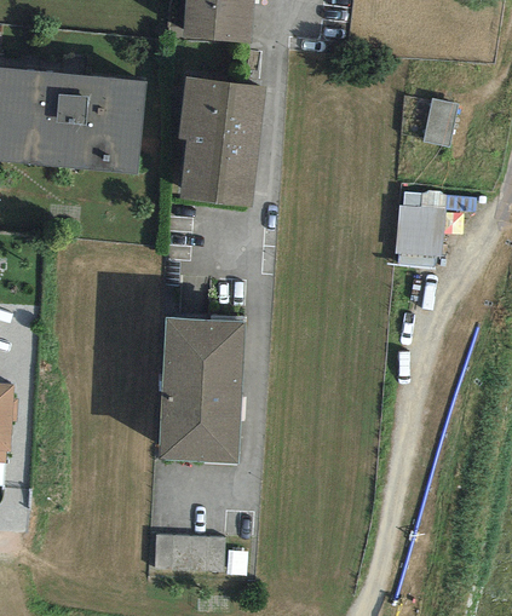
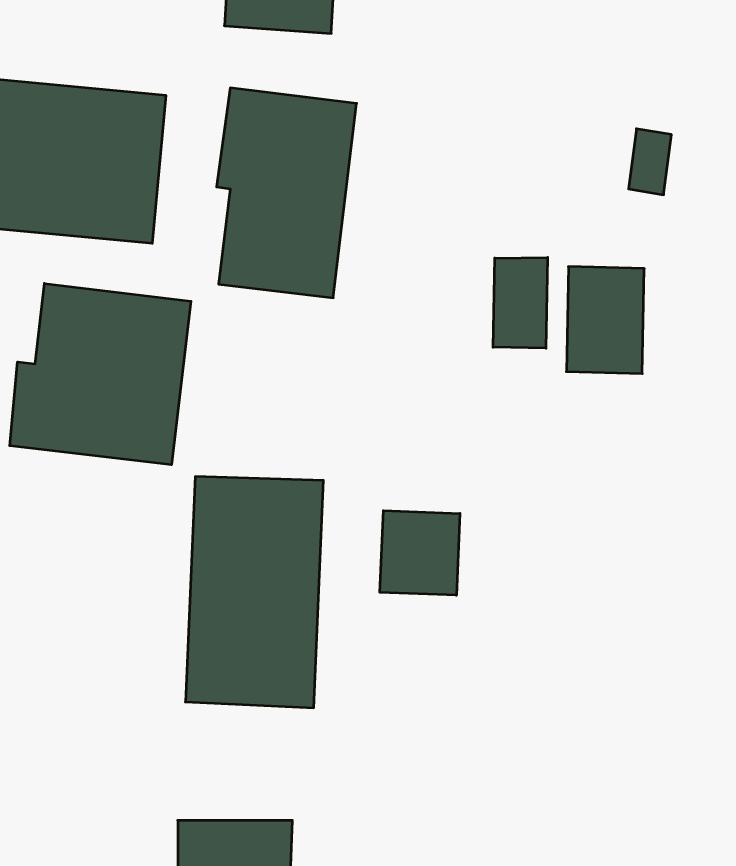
building: none -> [493,257,548,348]
building: none -> [10,283,191,465]
building: none -> [380,511,460,595]

